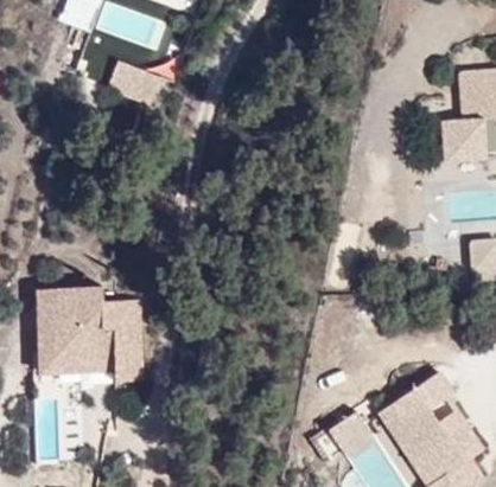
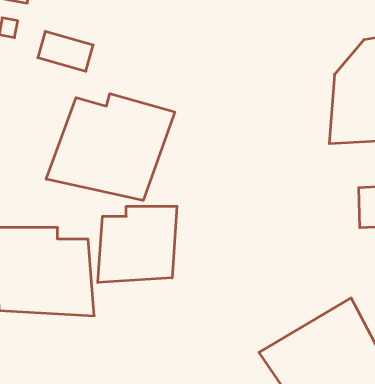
building: none -> [46,94,175,200]
building: none -> [98,206,177,283]

